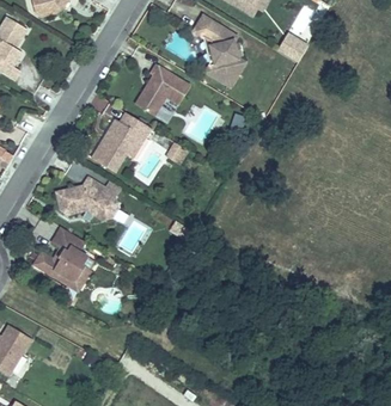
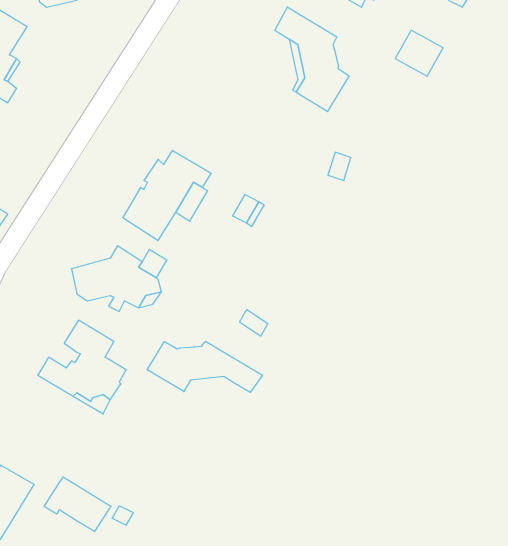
building: [135,63,190,115] -> none
building: none -> [147,341,262,392]
building: none -> [44,477,111,532]

